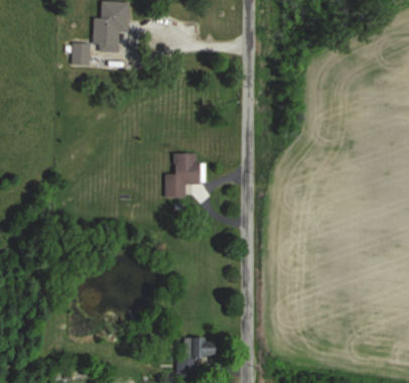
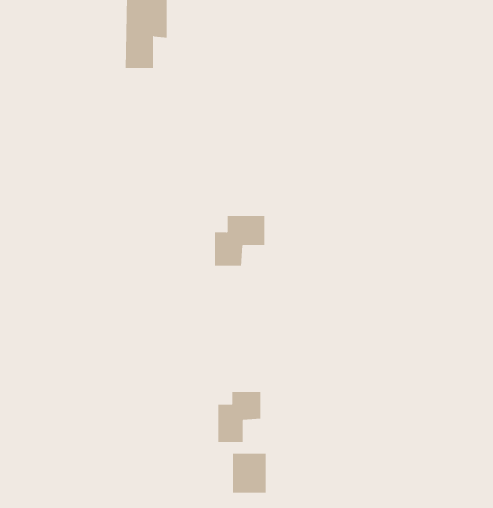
building: [73,42,89,65] -> none
building: none -> [218,391,261,443]

